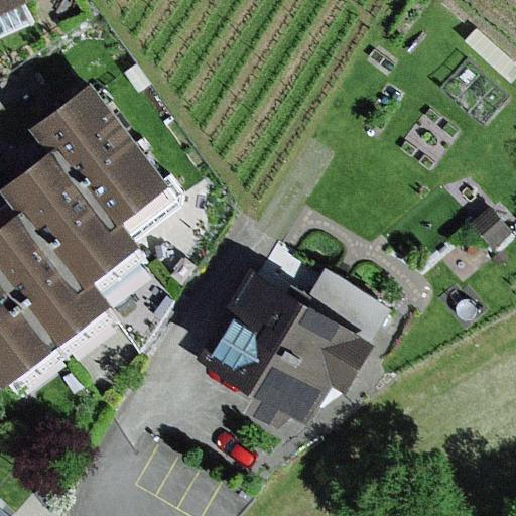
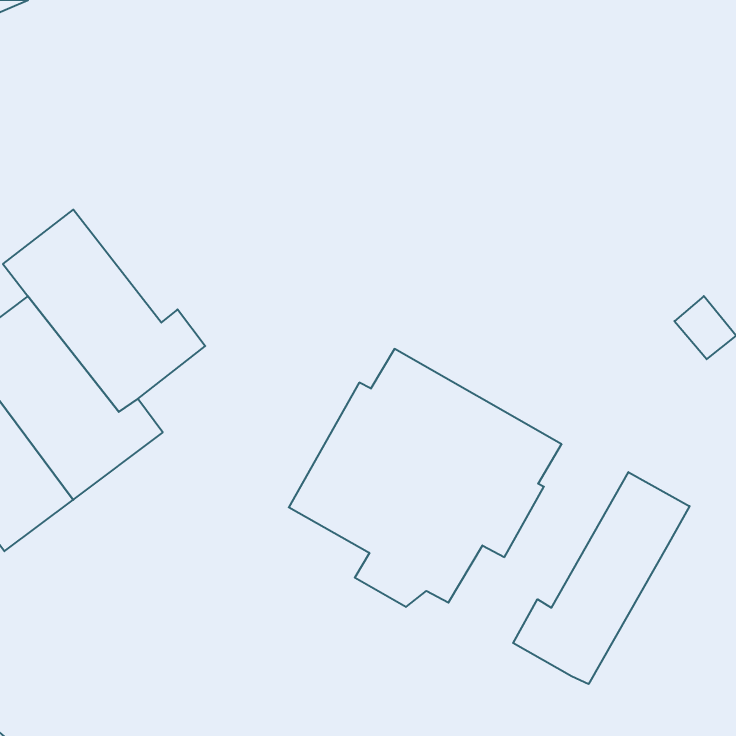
building: [31,84,168,231] -> none
building: none -> [513,472,690,684]

